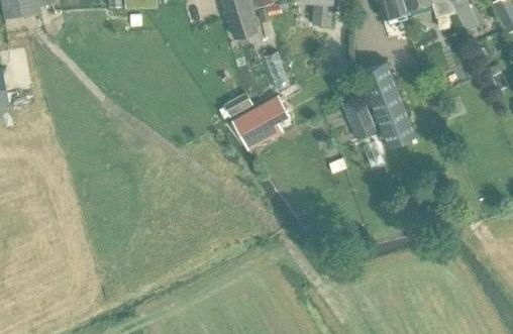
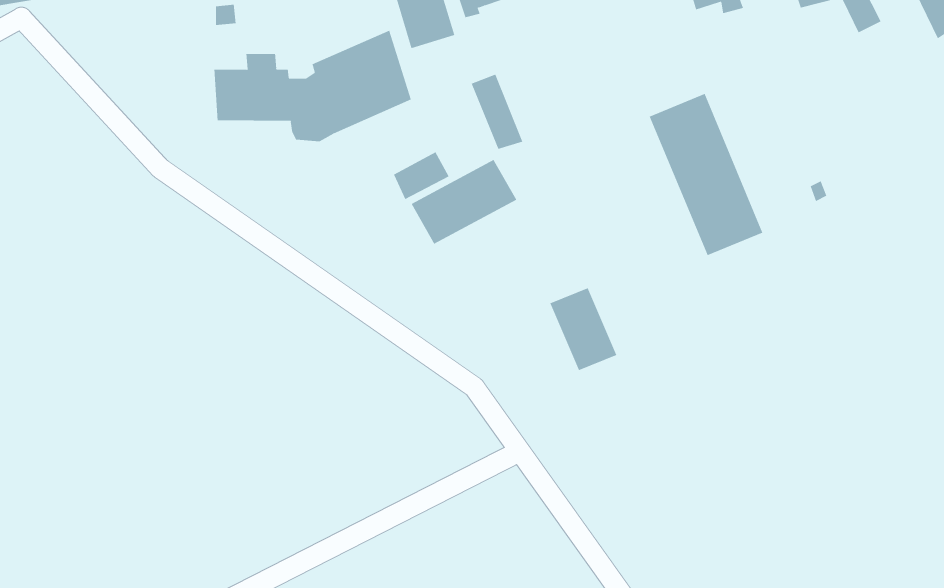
building: none -> [214,30,412,142]
building: [341,97,377,140] -> [549,288,617,371]

